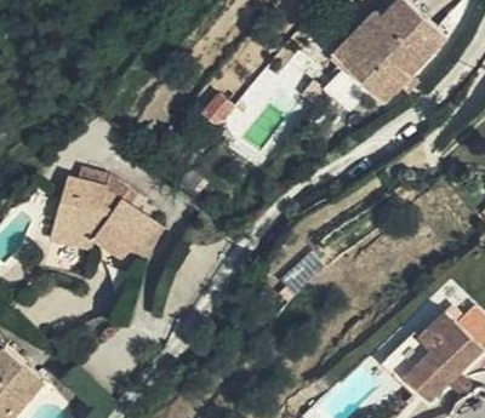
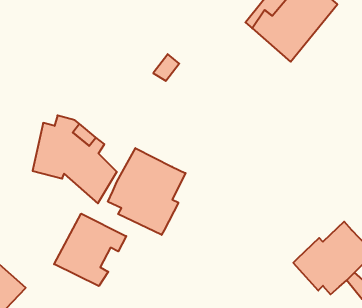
building: none -> [108,148,186,235]
building: none -> [54,214,126,286]

